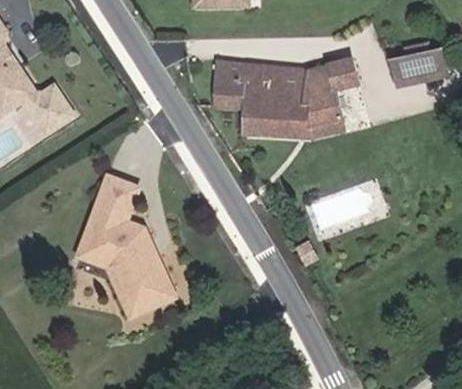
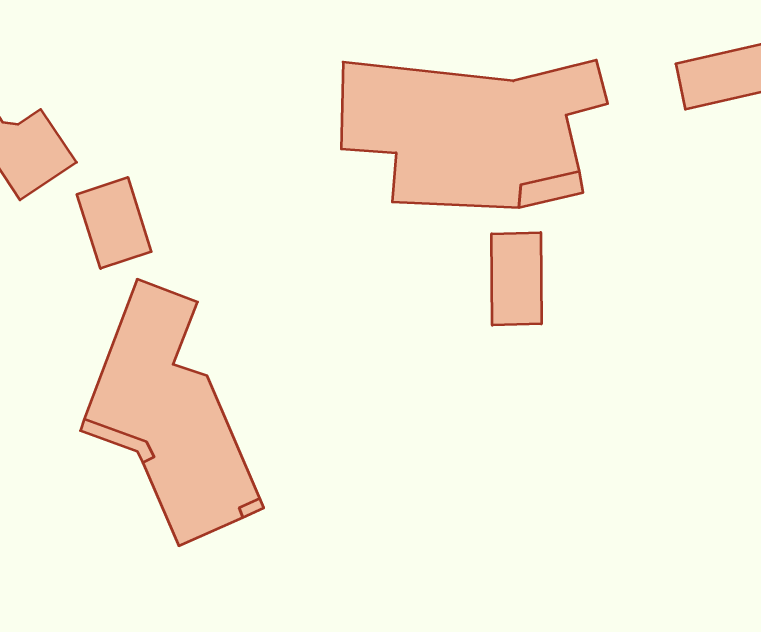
building: none -> [77,177,151,269]
building: none -> [492,232,541,325]

